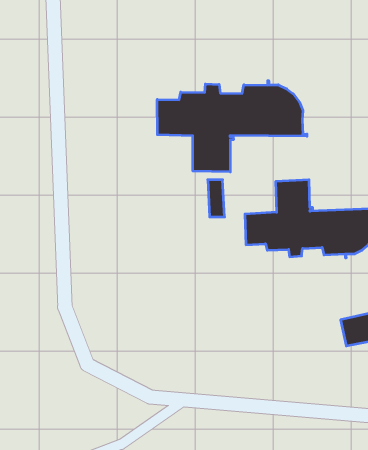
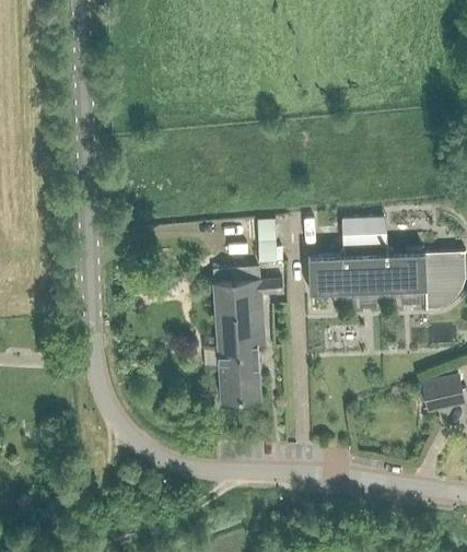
building: [157,81,307,172] -> none
building: none -> [202,267,282,399]

